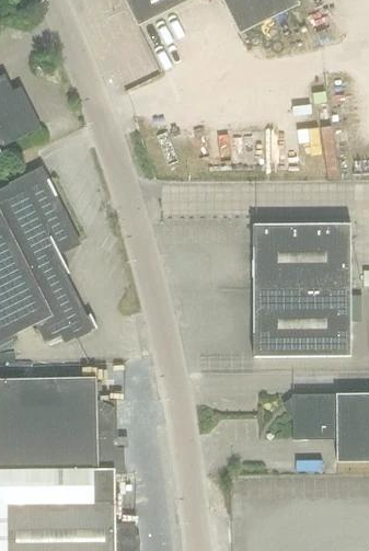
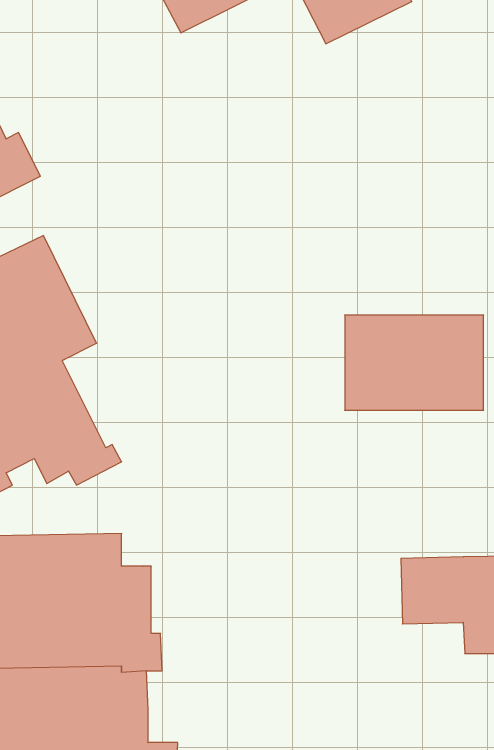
building: [252,289,349,356] -> none

